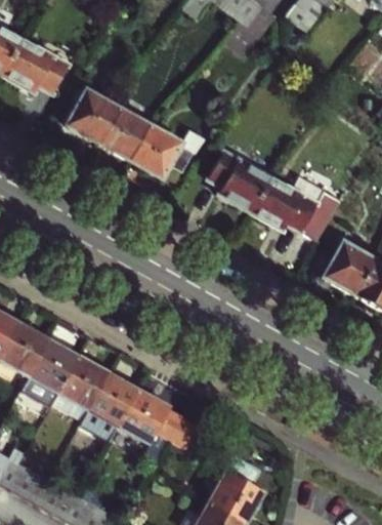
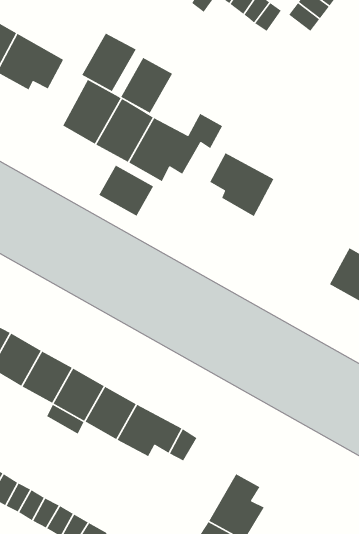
building: none -> [81,32,137,92]
building: none -> [120,57,173,114]
building: none -> [98,164,154,217]
building: [250,175,335,241] -> none

